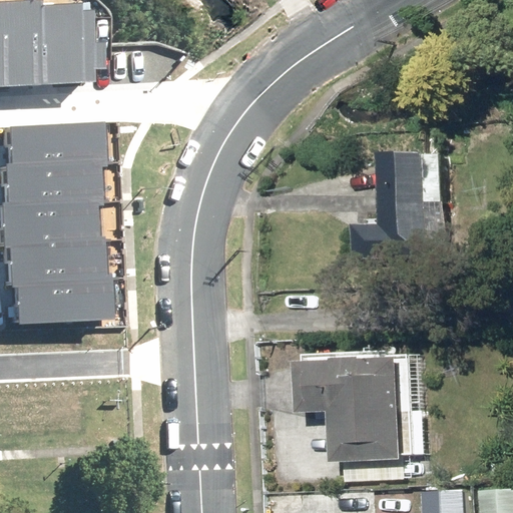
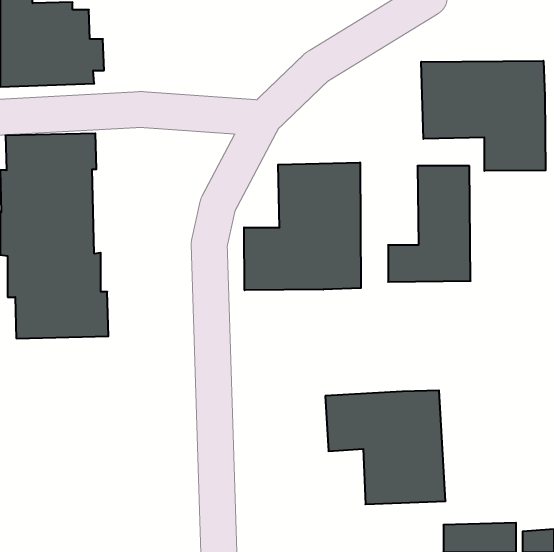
building: none -> [421,61,546,171]
building: none -> [244,162,361,290]

